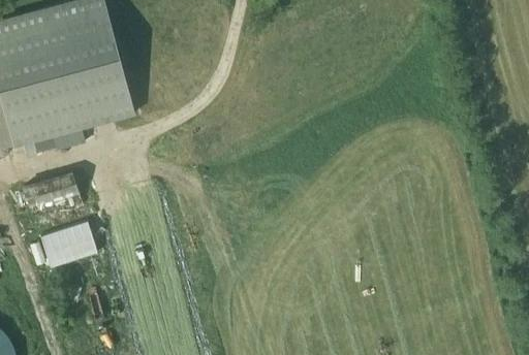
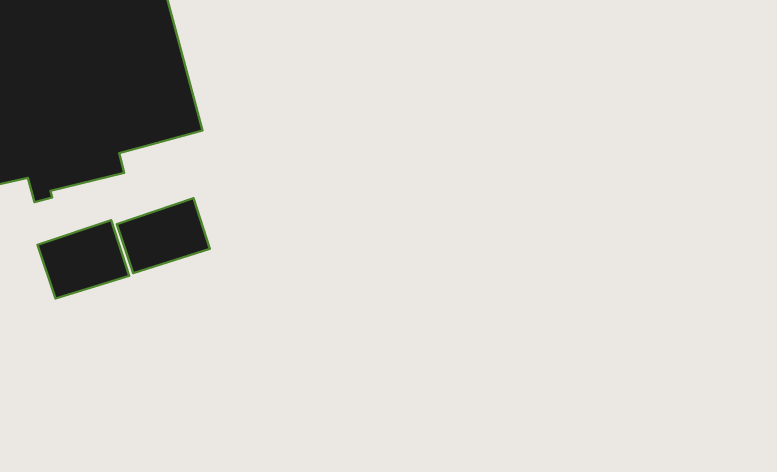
building: [43,220,102,267] -> [117,198,210,273]

